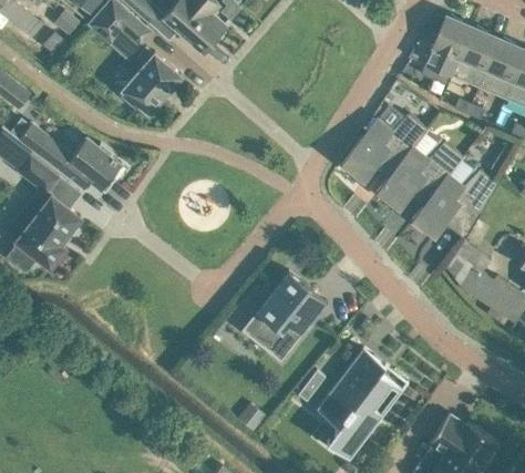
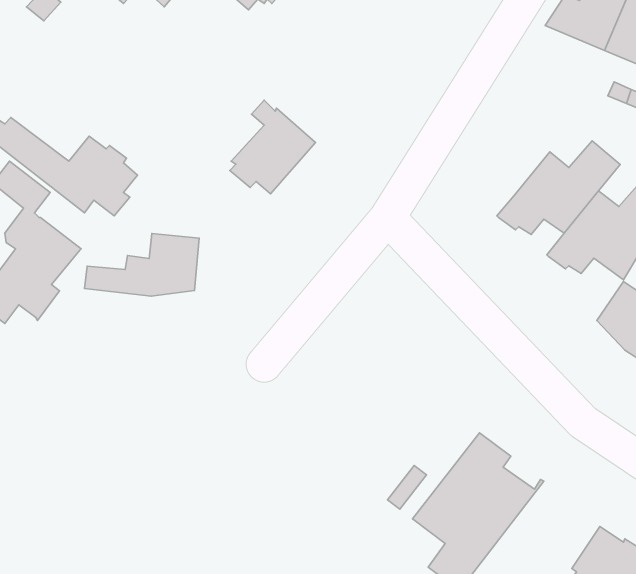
building: [121,47,182,113] -> [230,100,316,194]
building: [340,113,428,179] -> none
building: none -> [85,233,199,296]
building: [250,271,328,362] -> none

